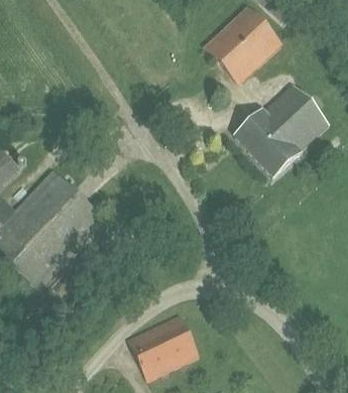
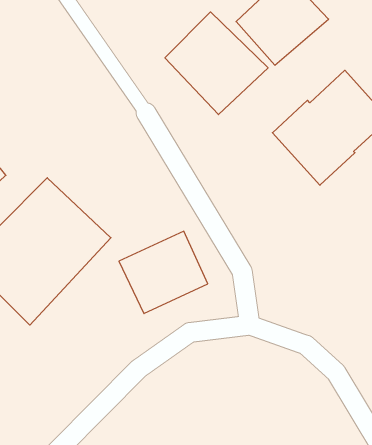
building: none -> [165,12,268,115]
building: [127,314,199,381] -> [119,231,208,314]

